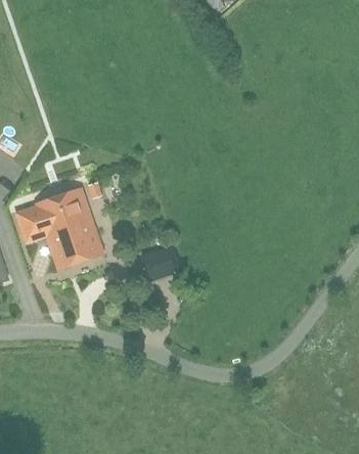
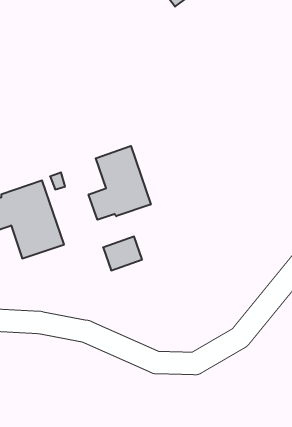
building: none -> [89,146,151,220]

